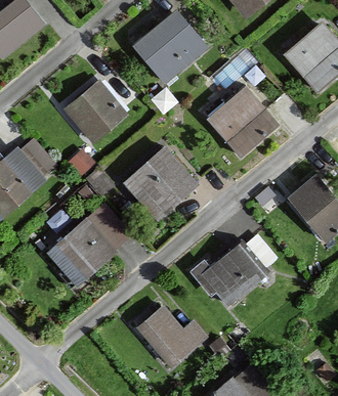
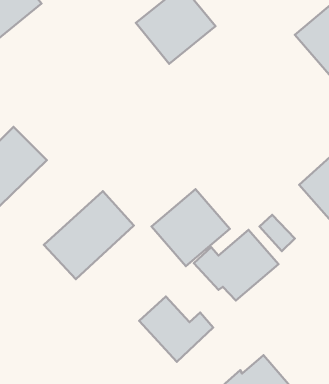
building: [64,83,126,143] -> none
building: [208,86,281,159] -> none
building: [124,147,199,221] -> [151,189,230,266]

